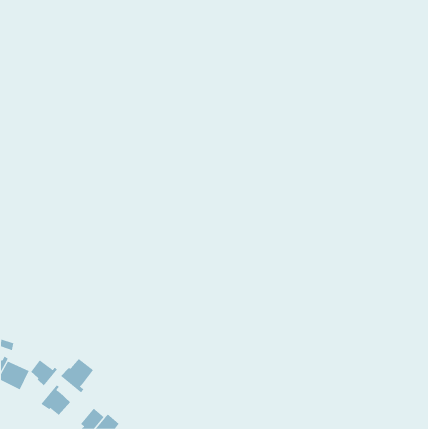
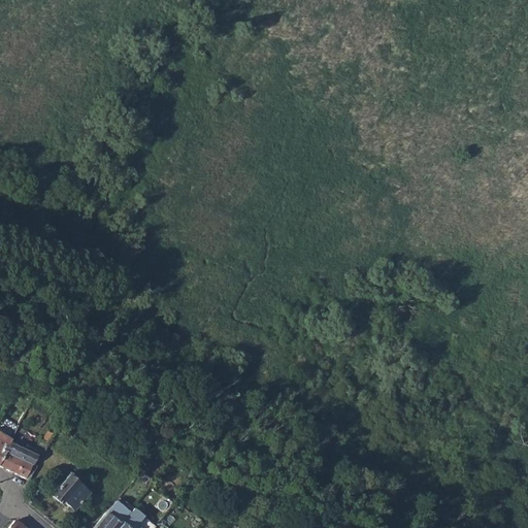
building: [60,358,94,393] -> none
building: [30,360,58,386] -> none

